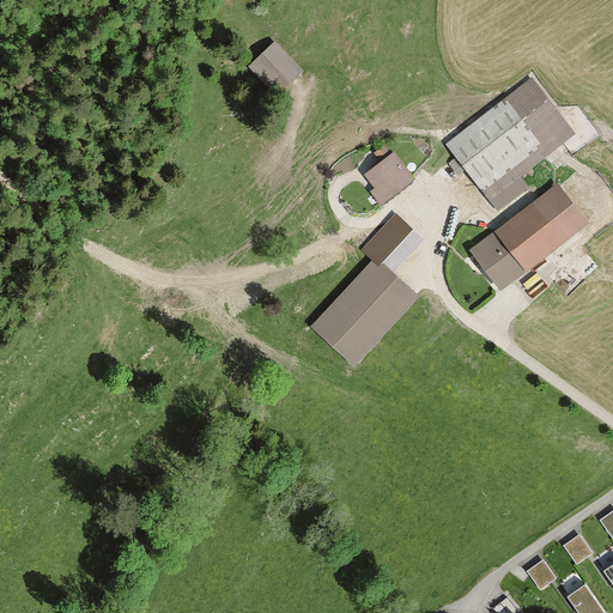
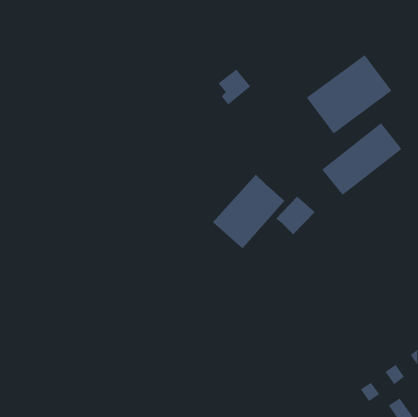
building: [249,43,302,96] -> none
building: [364,151,413,205] -> [218,69,251,105]
building: [363,214,421,272] -> [275,196,315,235]

